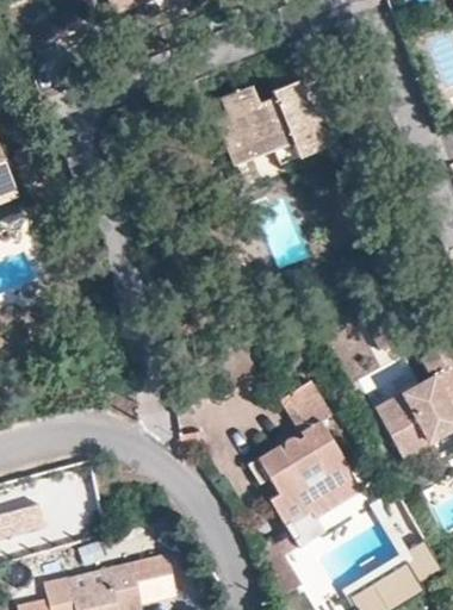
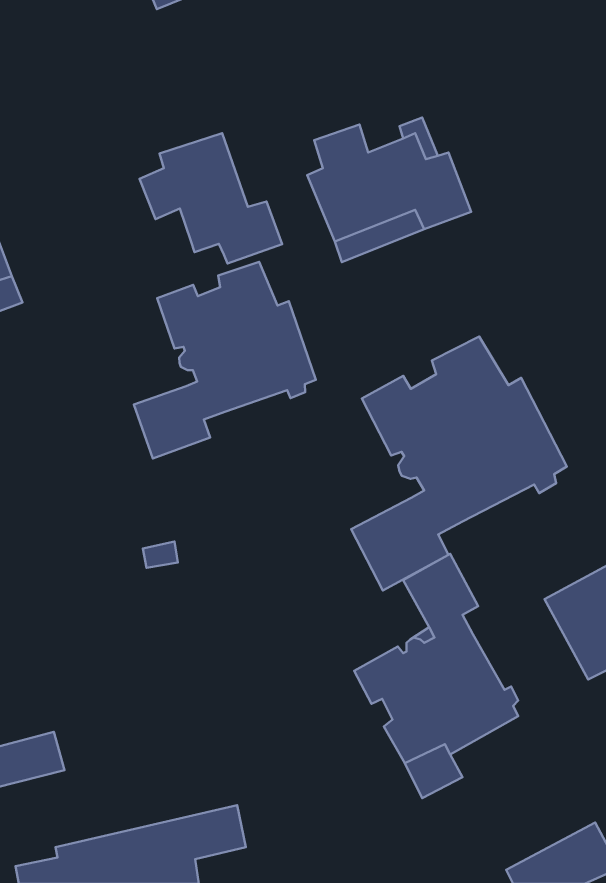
building: none -> [139,133,282,264]
building: none -> [134,262,316,459]
building: none -> [351,336,567,590]

